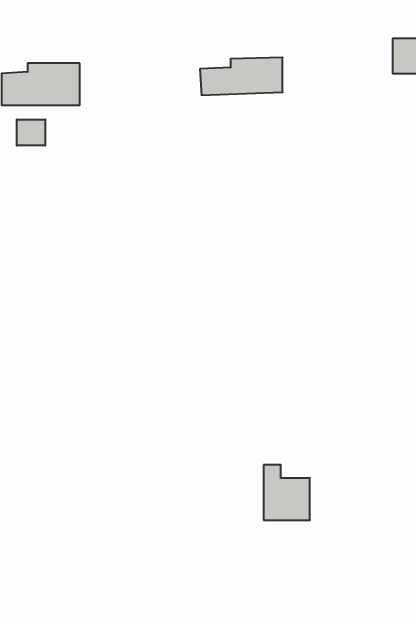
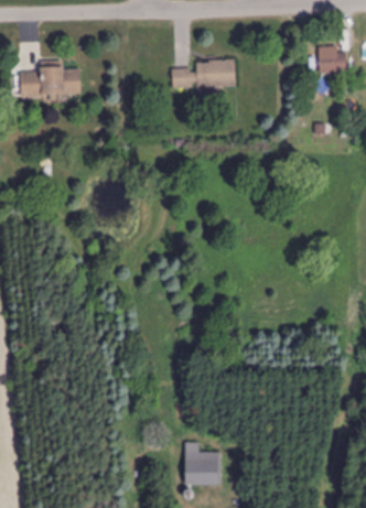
building: [17,119,45,146] -> none
building: [264,465,310,520] -> [185,443,220,485]

